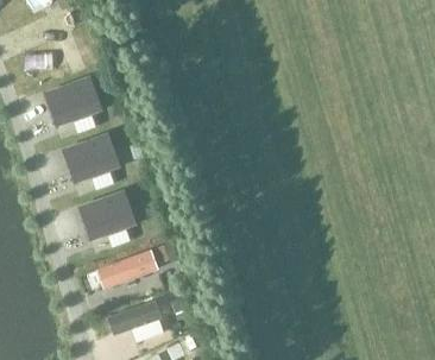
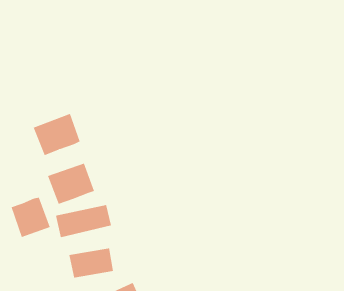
building: [48,84,103,133] -> none
building: none -> [11,197,50,238]

